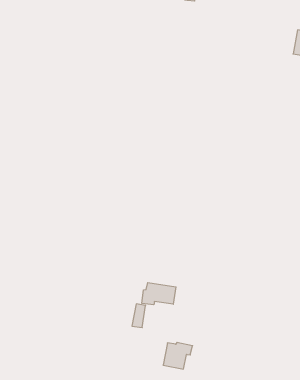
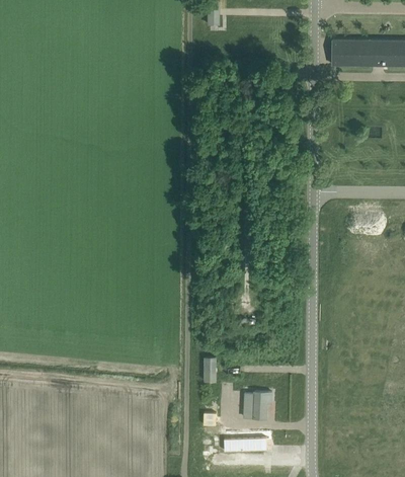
building: [142,283,176,305] -> none

